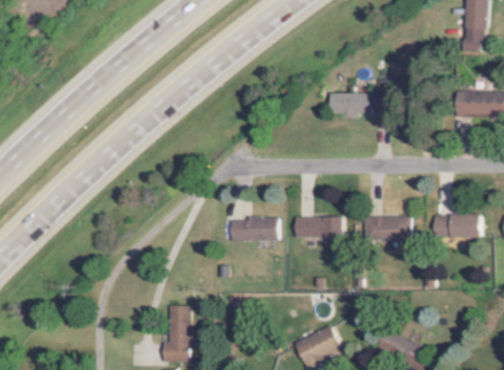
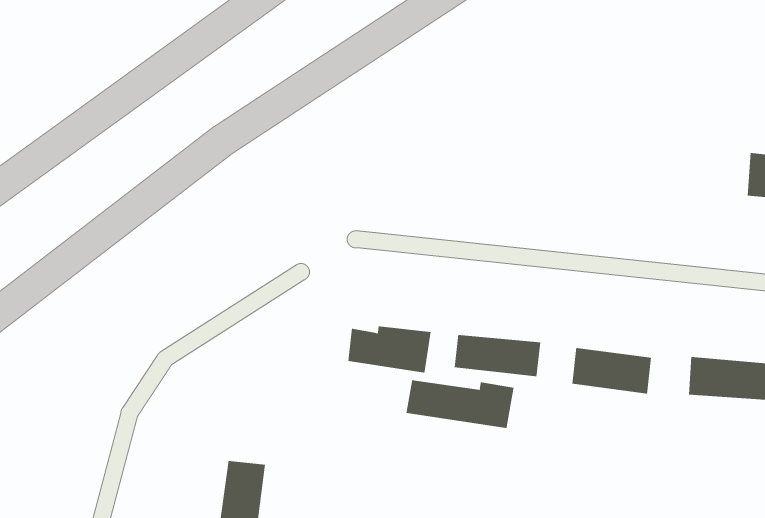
building: [331,92,387,111] -> none
building: none -> [406,380,514,429]

